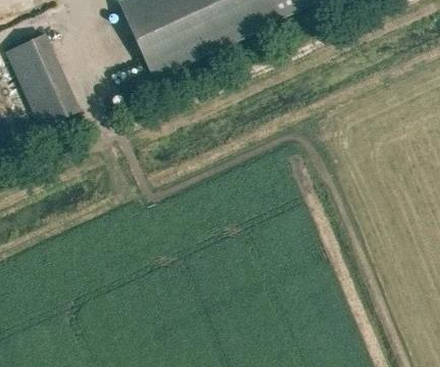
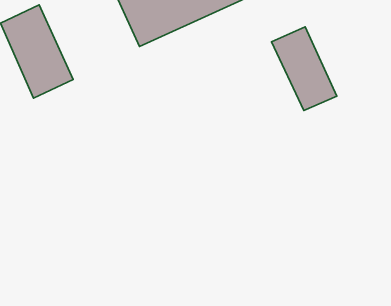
building: none -> [272,27,337,111]

